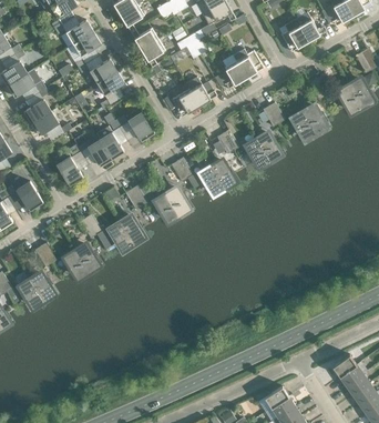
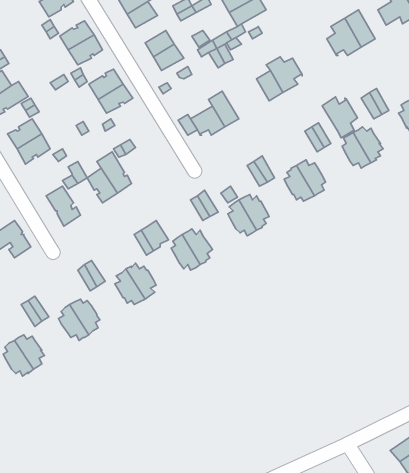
building: none -> [322,97,358,138]
building: [125,108,154,141] -> none

